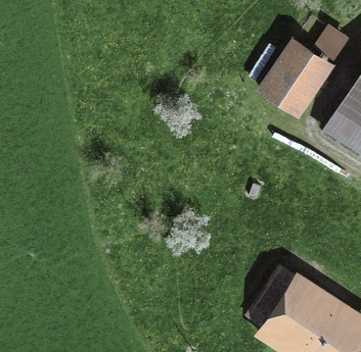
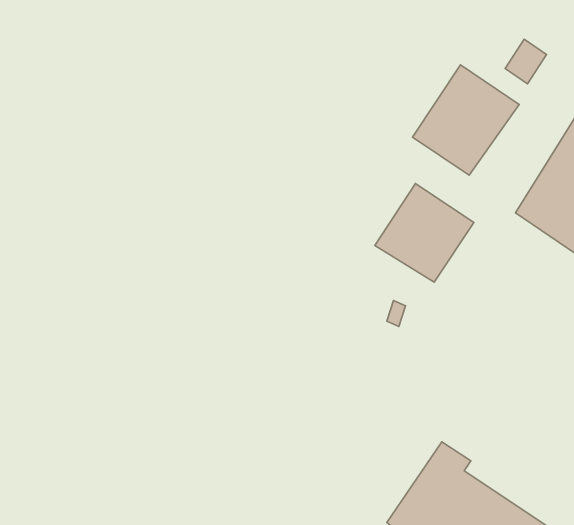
building: none -> [375,184,474,282]

